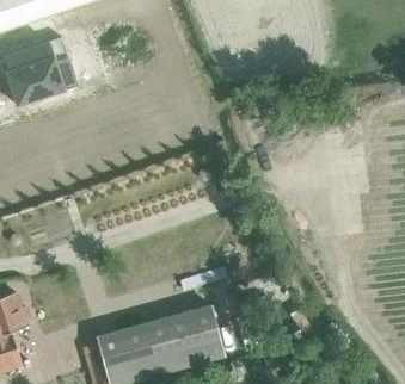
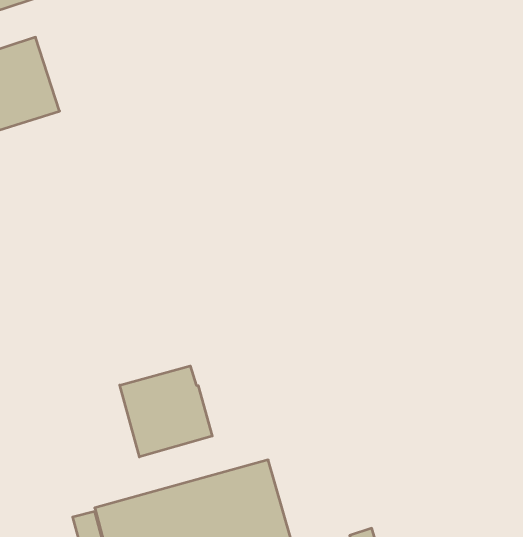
building: none -> [120,366,212,457]

